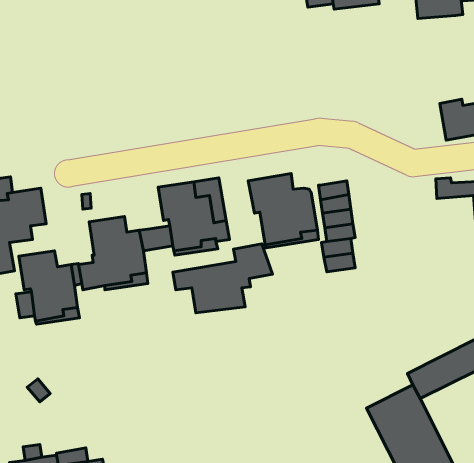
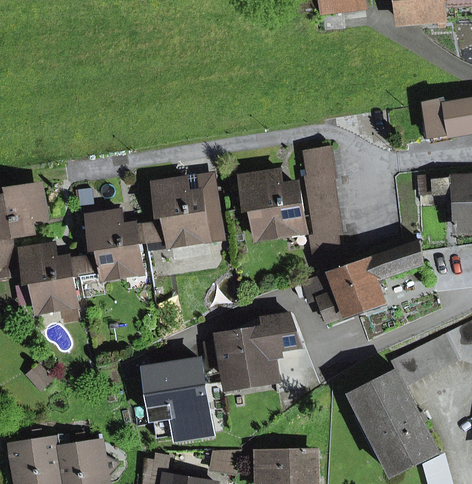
building: none -> [304,149,335,181]
building: [173,244,272,313] -> [205,314,300,380]
building: none -> [302,240,423,321]
building: none -> [145,360,211,439]

